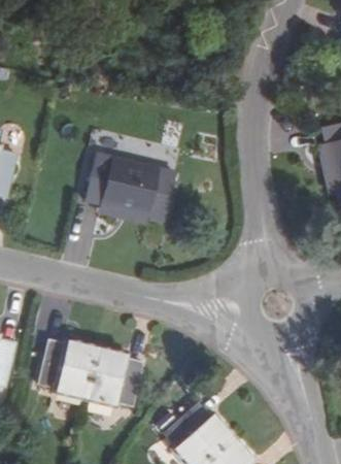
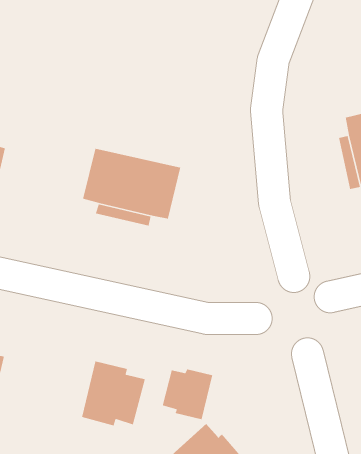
building: [40,339,98,398] -> none
building: none -> [162,368,213,420]

